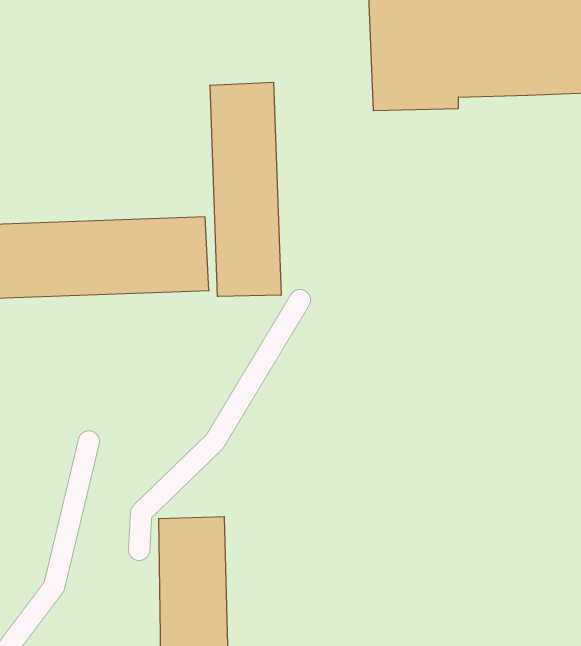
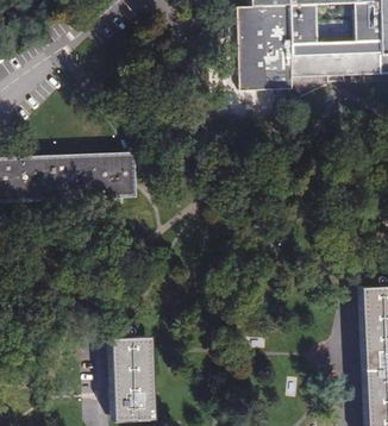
building: [210,82,281,297] -> none

